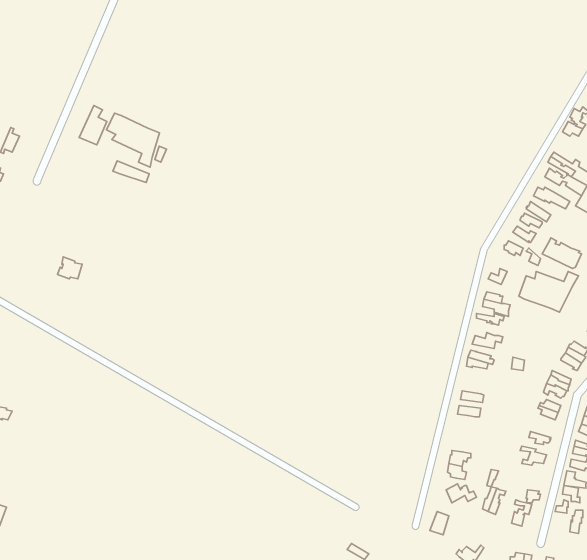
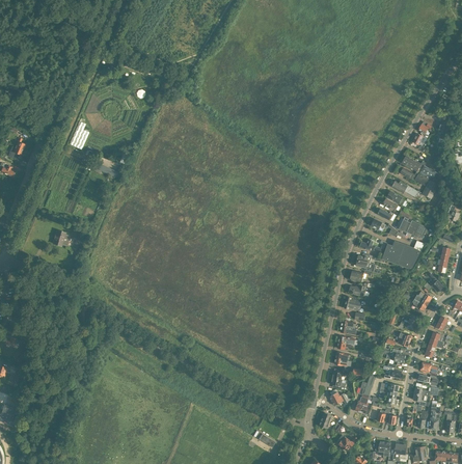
building: [106,113,159,167] -> none

